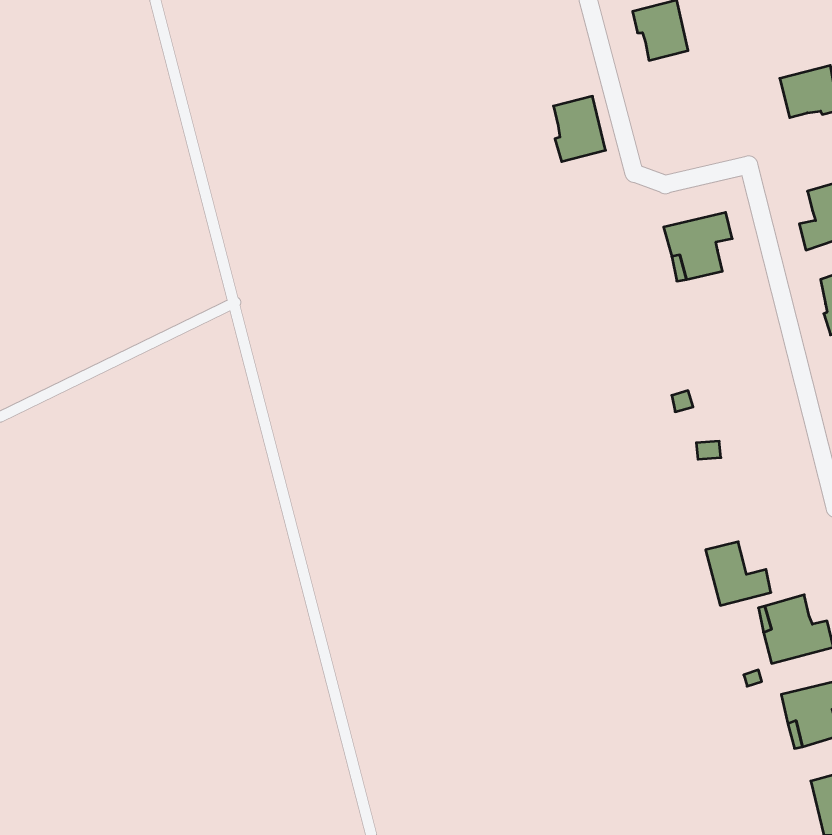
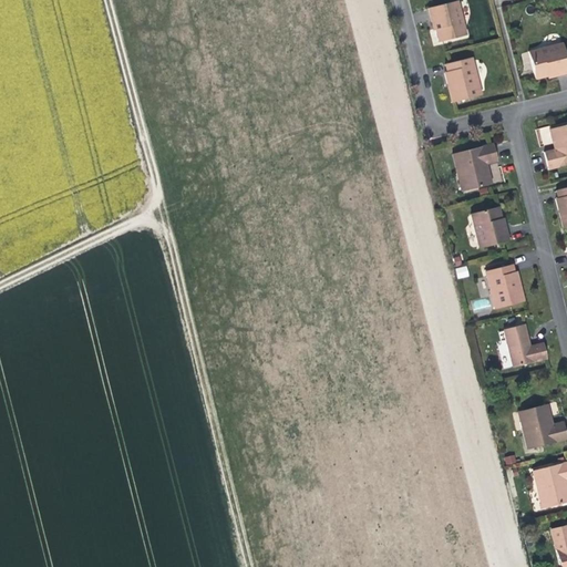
building: [553,96,606,162] -> [449,59,484,103]
building: none -> [472,205,509,248]
building: none -> [487,265,524,309]
building: [706,542,771,605] -> [504,324,548,368]

